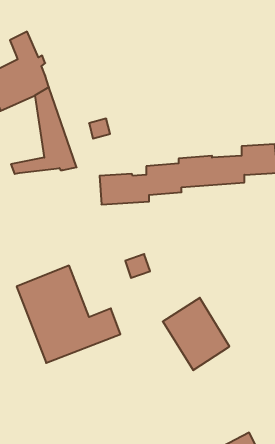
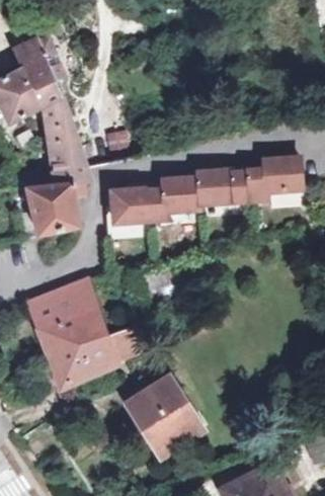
building: none -> [27,181,84,234]
building: [163,298,229,370] -> [129,376,199,452]

